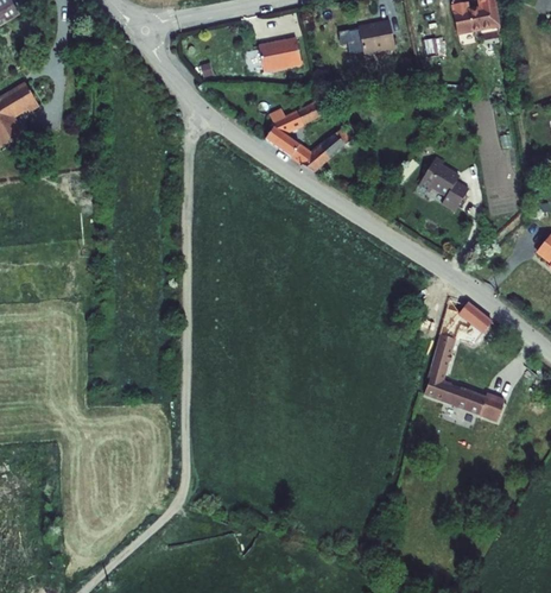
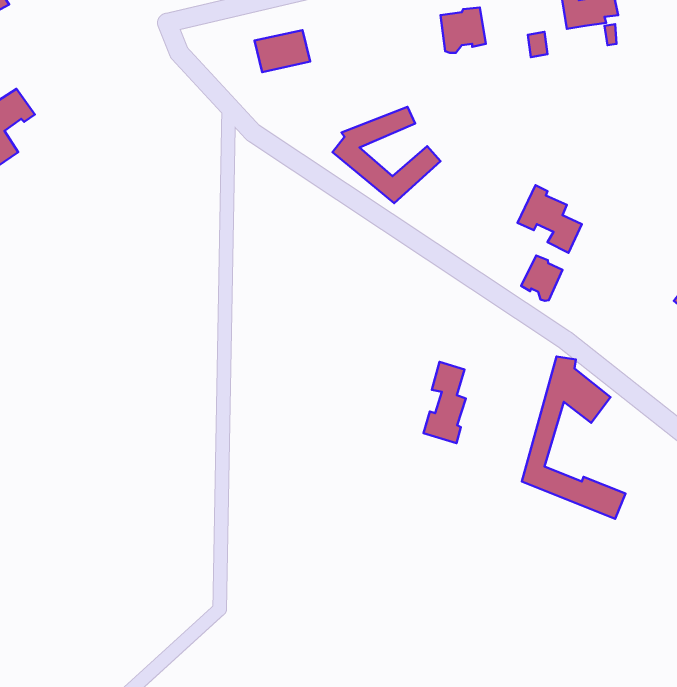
building: [261,36,305,69] -> [255,30,310,72]
building: none -> [521,256,563,301]
building: none -> [423,362,466,443]

